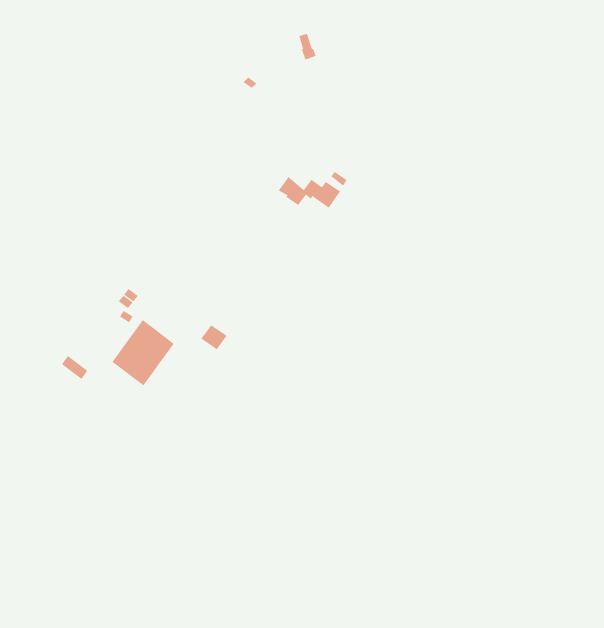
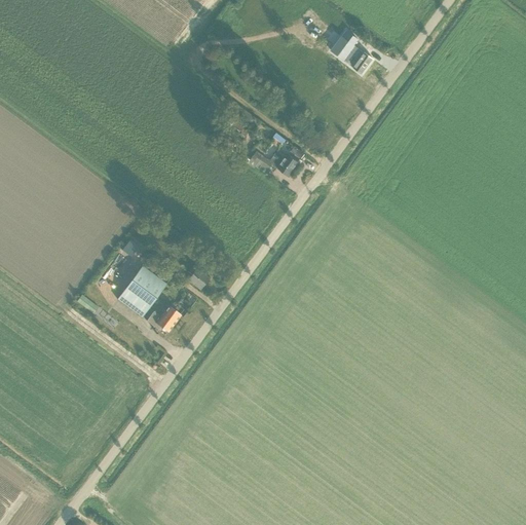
building: none -> [331,29,374,73]
building: none -> [147,304,181,330]

